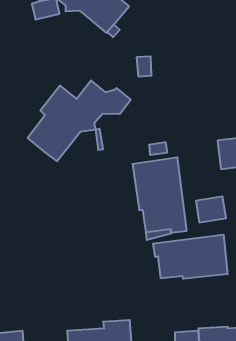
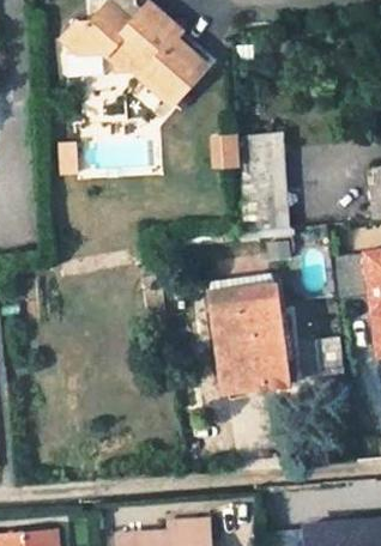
building: none -> [240,131,290,231]
building: [28,80,131,161] -> none
building: [153,235,227,279] -> none

